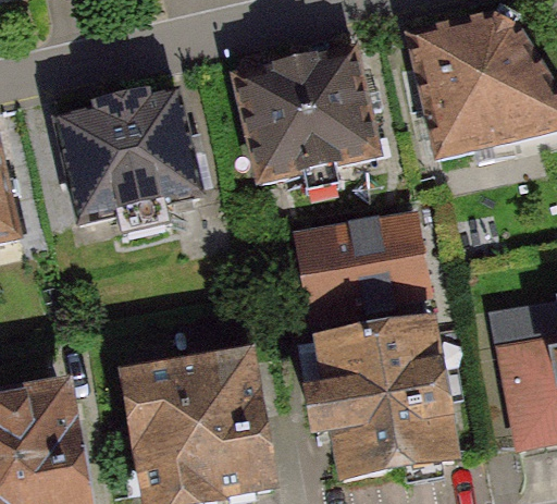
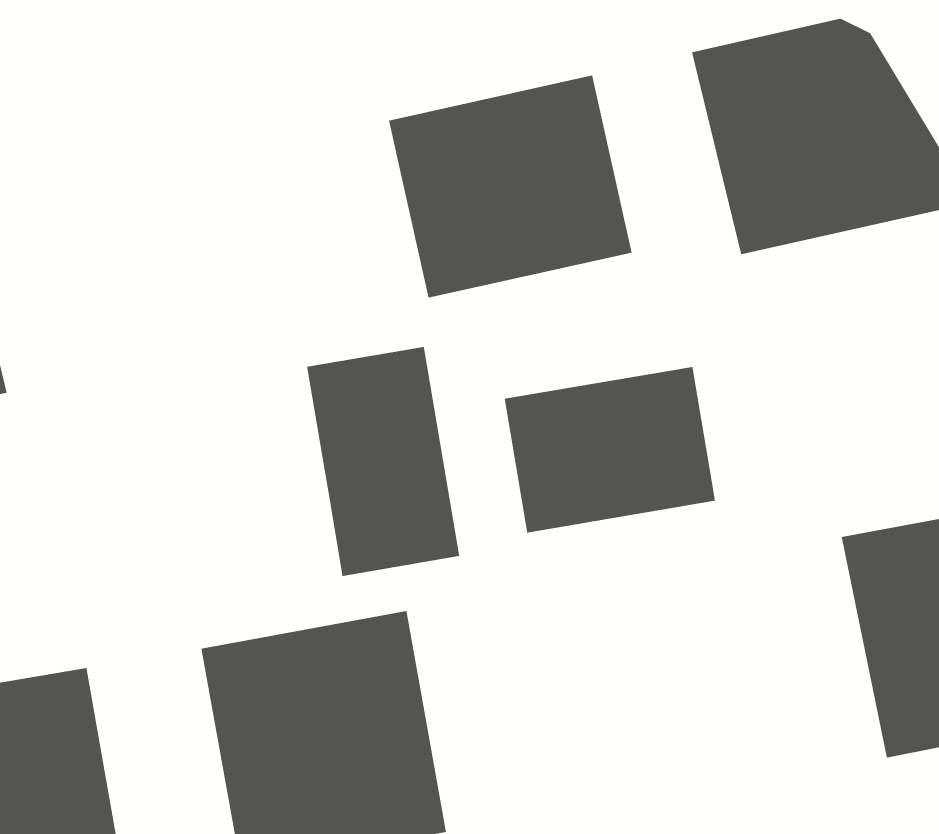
building: [55,88,200,221] -> none
building: none -> [307,346,460,577]
building: [311,294,454,475] -> none

